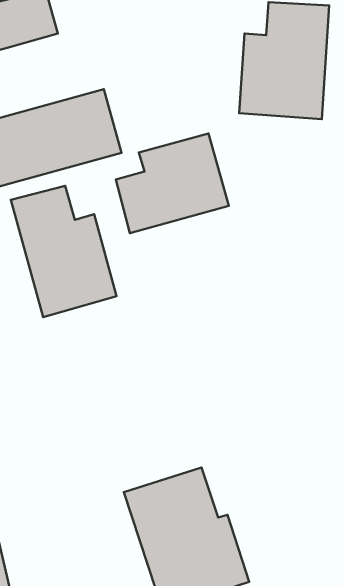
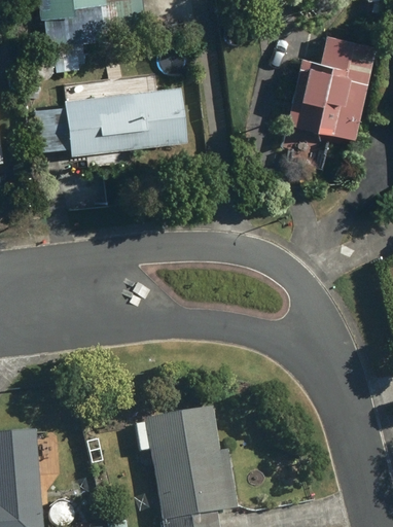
building: [116,133,229,233] -> none
building: [11,186,117,317] -> none

